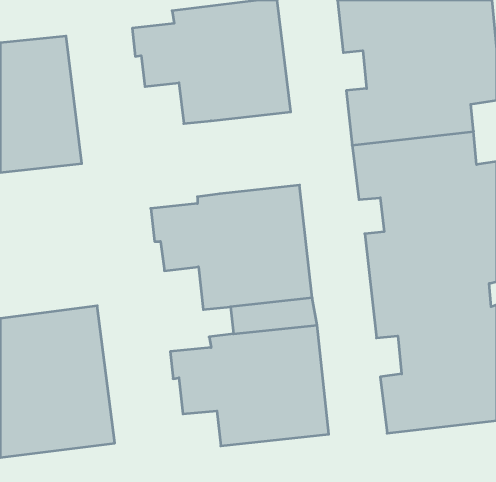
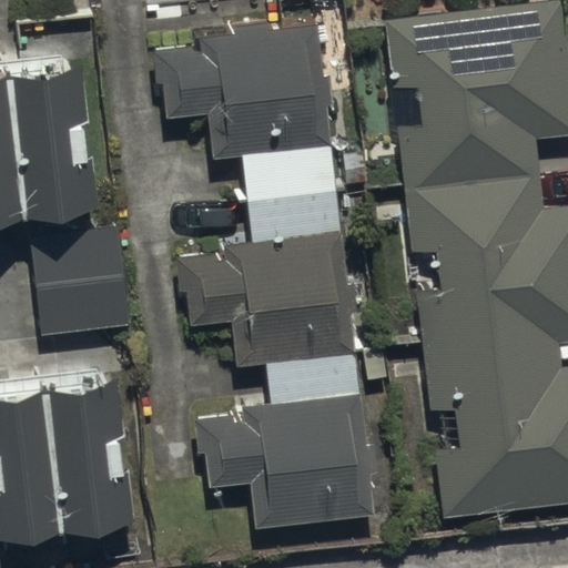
building: none -> [242,145,343,239]
building: none -> [29,227,129,338]

